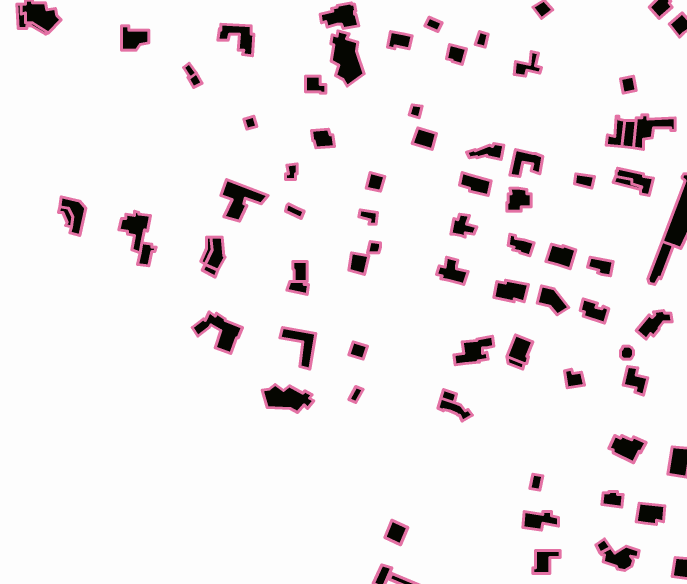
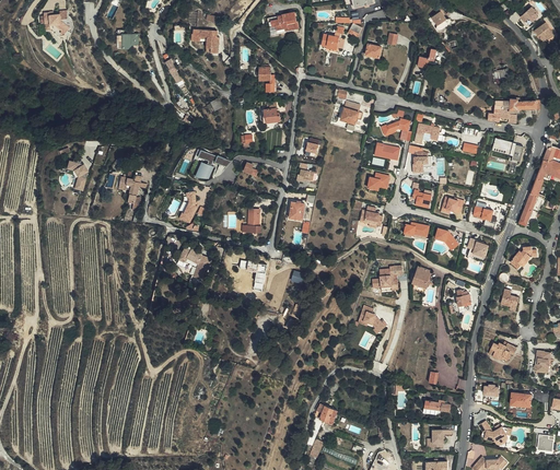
building: [331,31,364,86] -> none
building: [262,385,314,413] -> none

